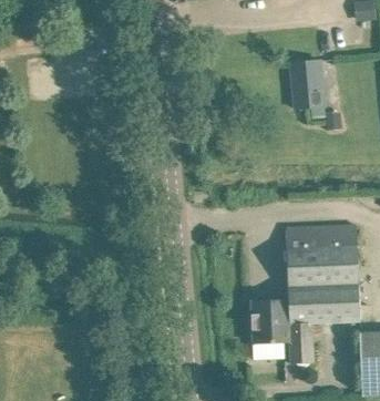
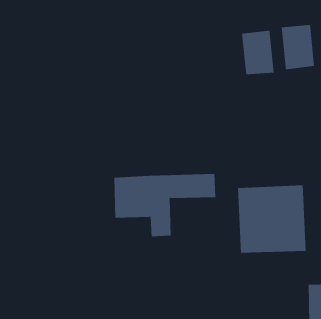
building: none -> [281,24,315,70]
building: [251,296,361,363] -> [113,174,216,237]

